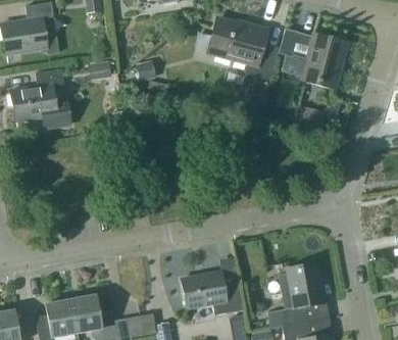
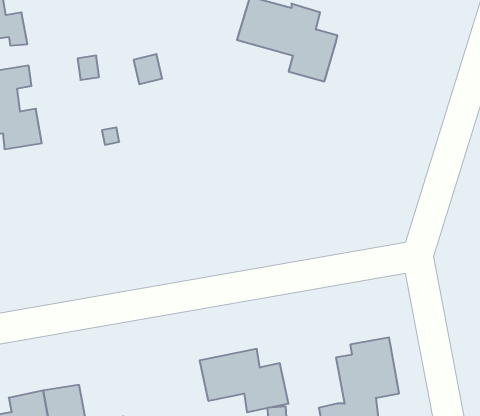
building: [279,28,347,86] -> none

